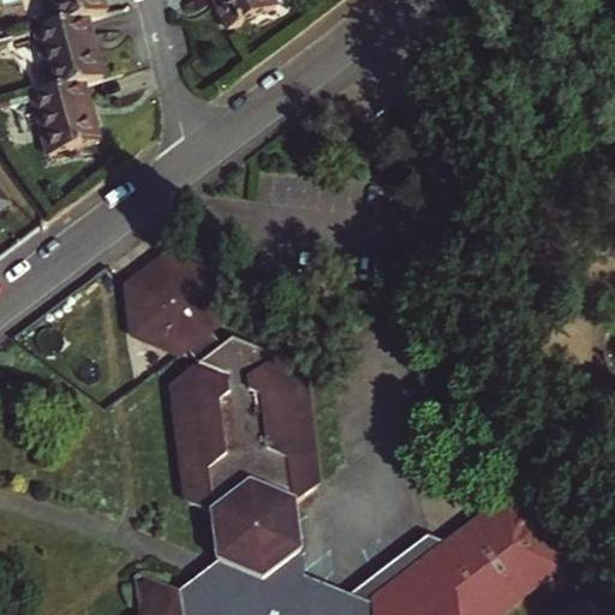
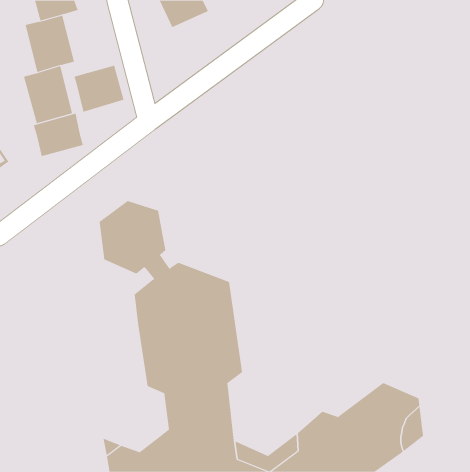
building: none -> [74,65,124,113]
building: none -> [33,113,83,157]

